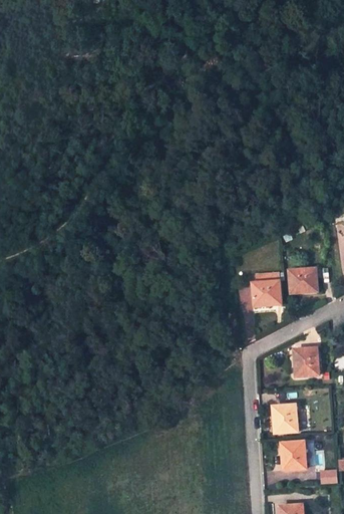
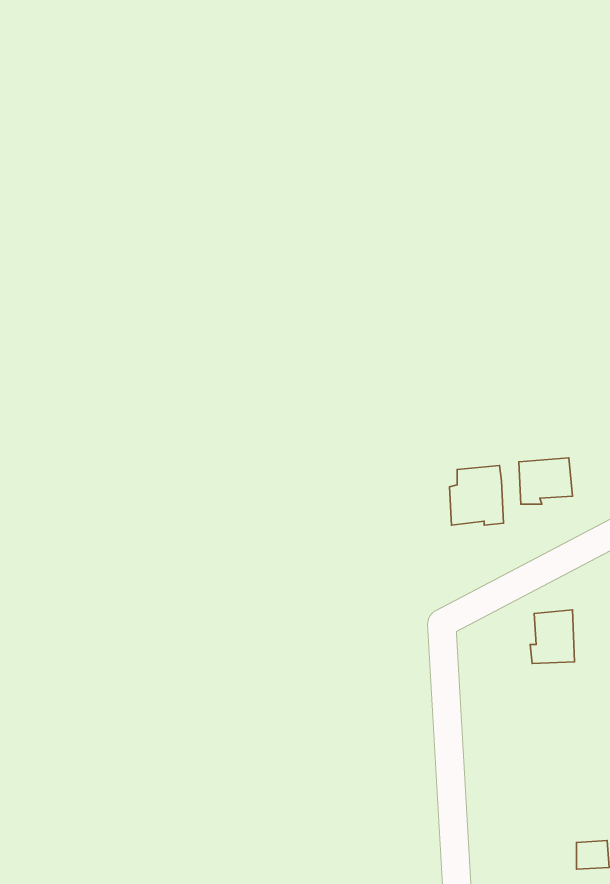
building: [273,405,296,432] -> none
building: [280,441,305,469] -> none

